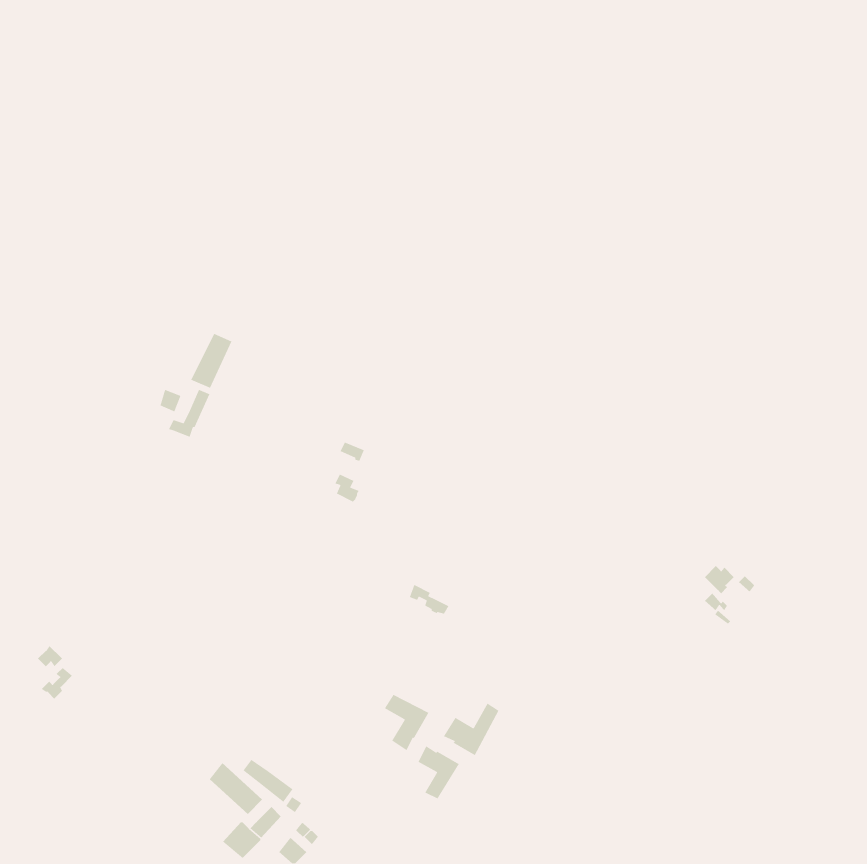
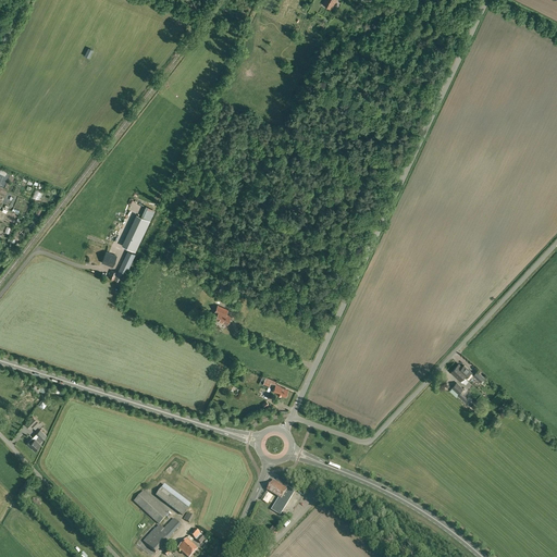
building: [384,694,429,751] -> none
building: [443,702,500,756] -> none

